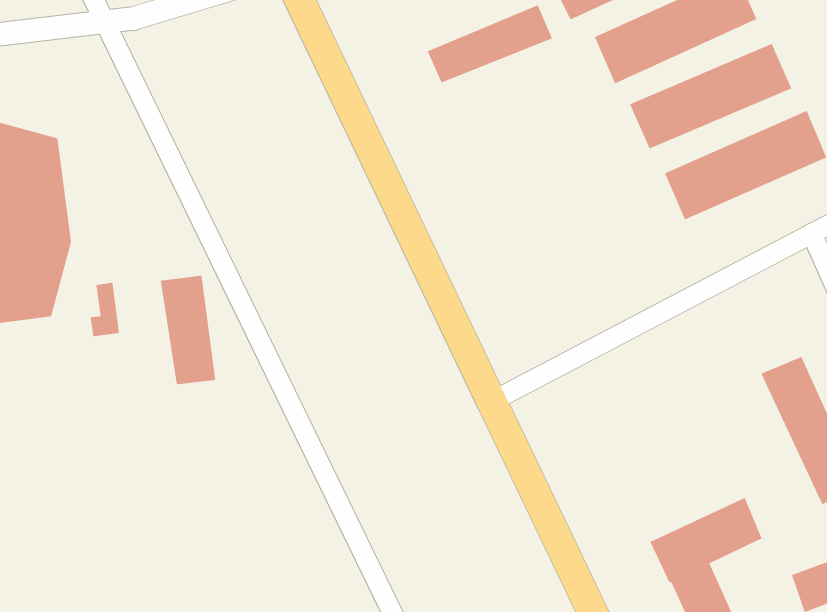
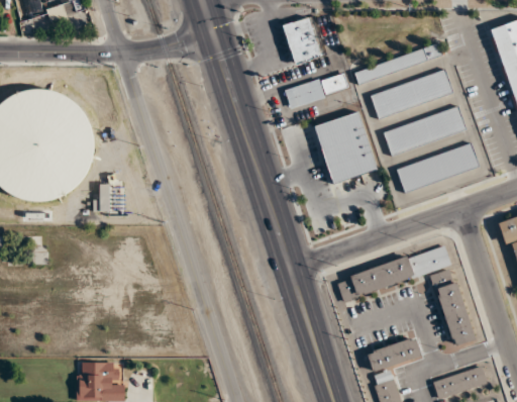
building: none -> [314,111,377,184]
building: [160,275,216,385] -> none
building: none -> [336,246,451,299]

